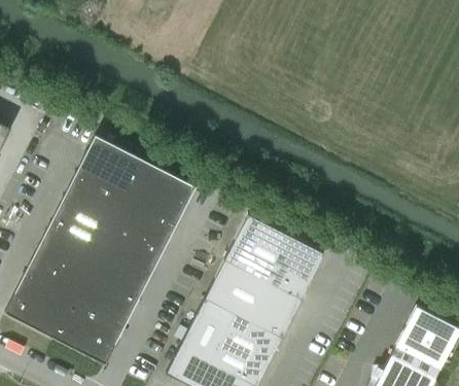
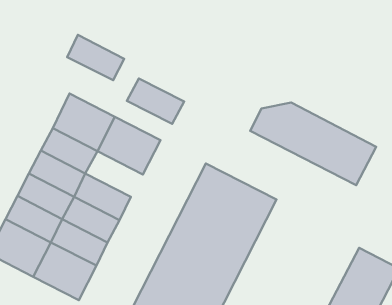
building: none -> [67,35,124,80]
building: none -> [250,103,376,185]
building: [112,200,176,250] -> [127,78,184,124]

